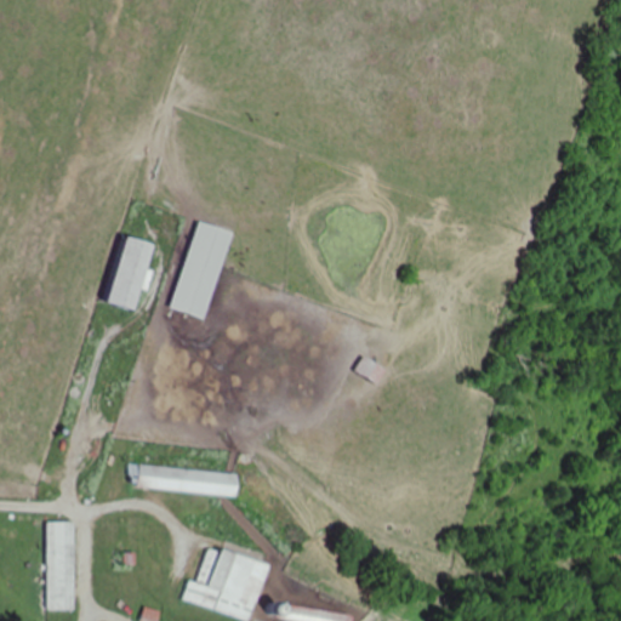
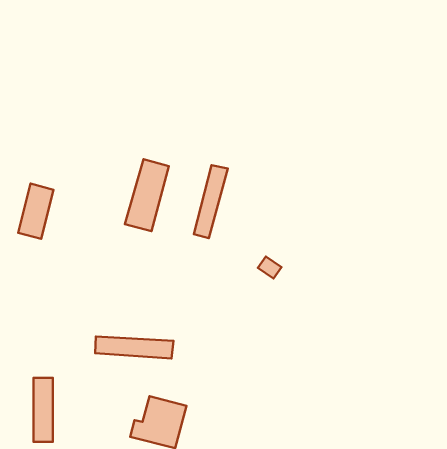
building: none -> [194,165,228,238]
building: [109,234,158,310] -> [18,184,53,239]

